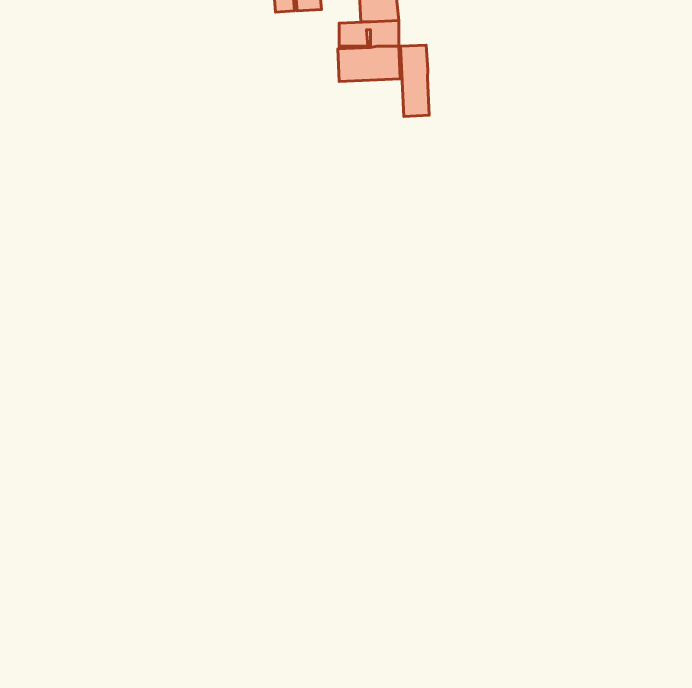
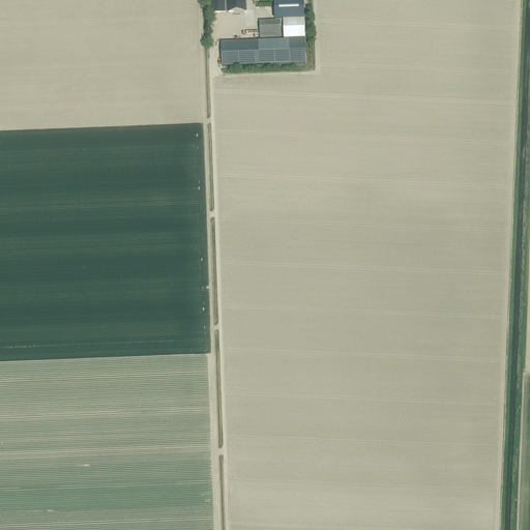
building: [401,45,429,116] -> none
building: none -> [220,37,259,63]

